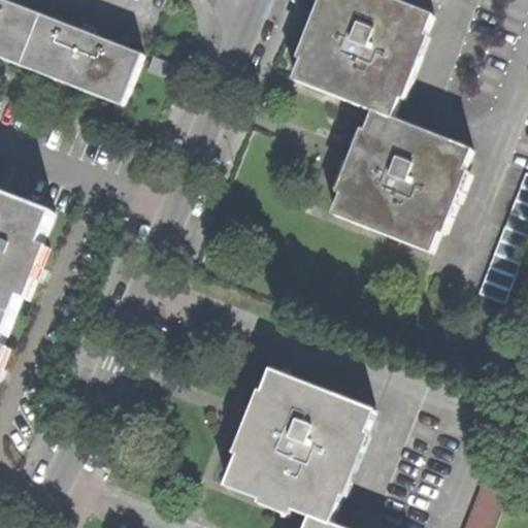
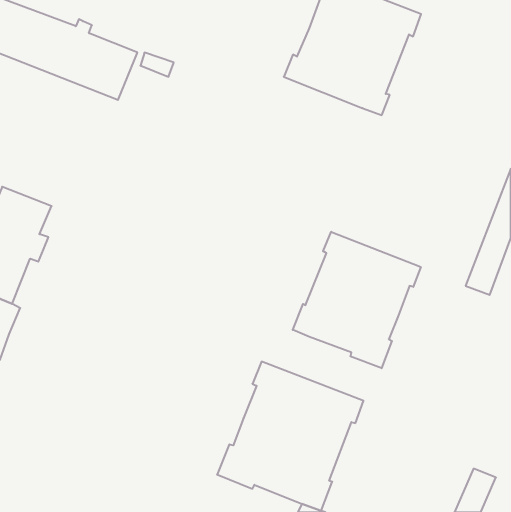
building: [330,110,471,252] -> none
building: none -> [293,232,421,368]

